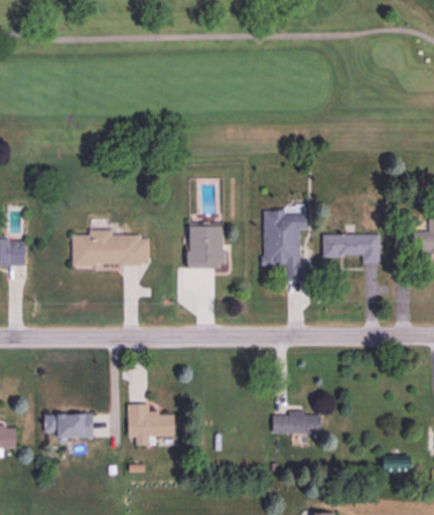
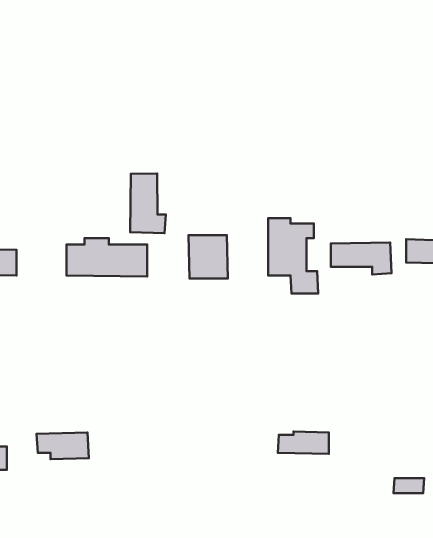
building: none -> [130,174,166,233]
building: [126,403,174,446] -> none

